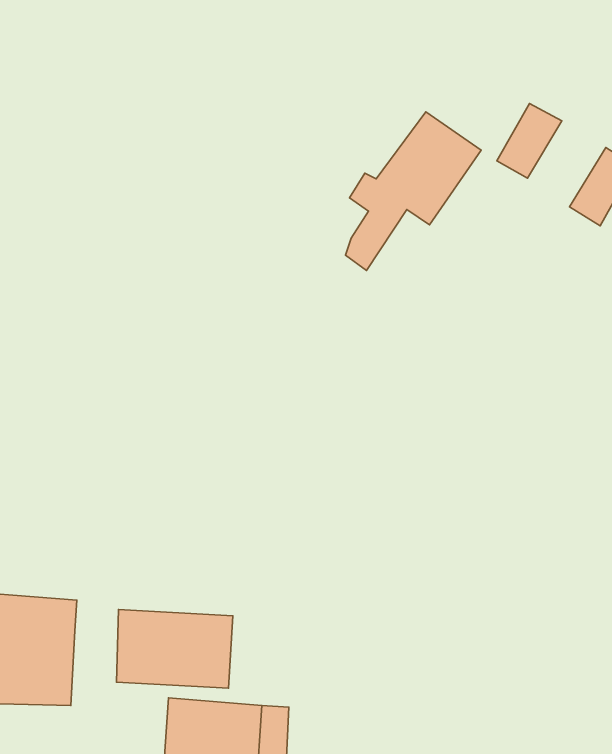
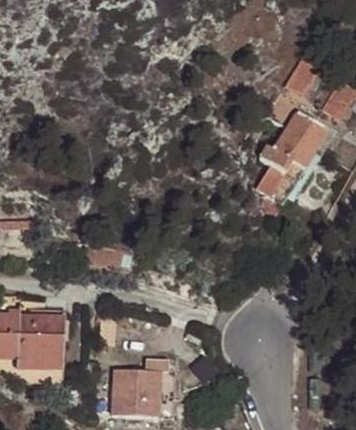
building: [346,112,481,271] -> [258,112,329,195]
building: [117,610,233,688] -> none

